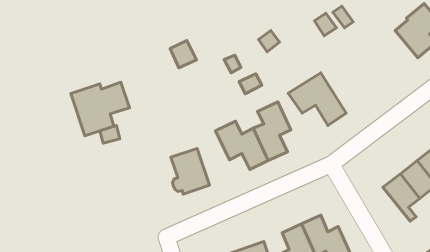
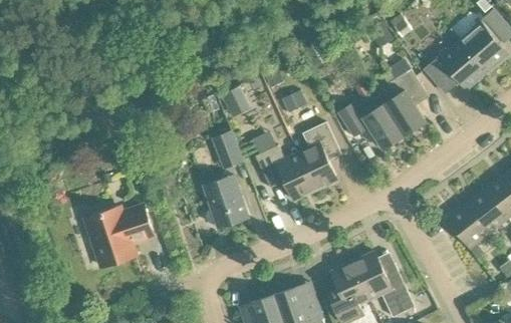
building: none -> [425,41,487,92]
building: [170,40,196,68] -> [222,86,252,117]
building: none -> [385,61,426,135]
building: [71,82,130,136] -> [86,206,154,267]
building: none -> [213,130,244,170]

